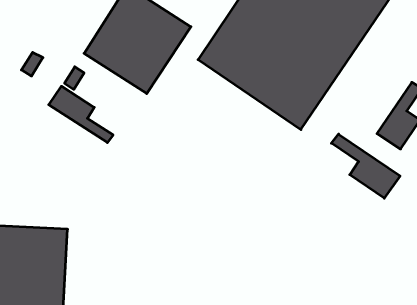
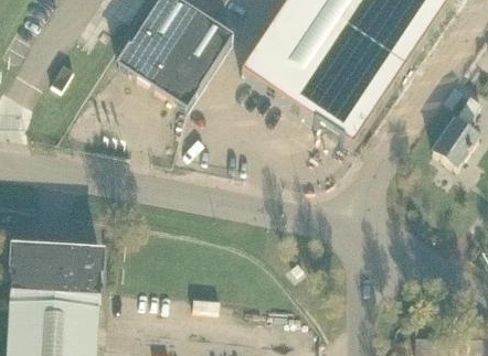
building: [49,86,113,143] -> none
building: [331,134,400,198] -> none

